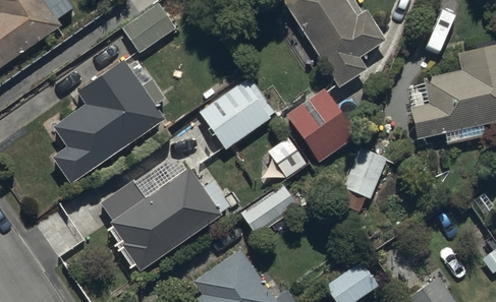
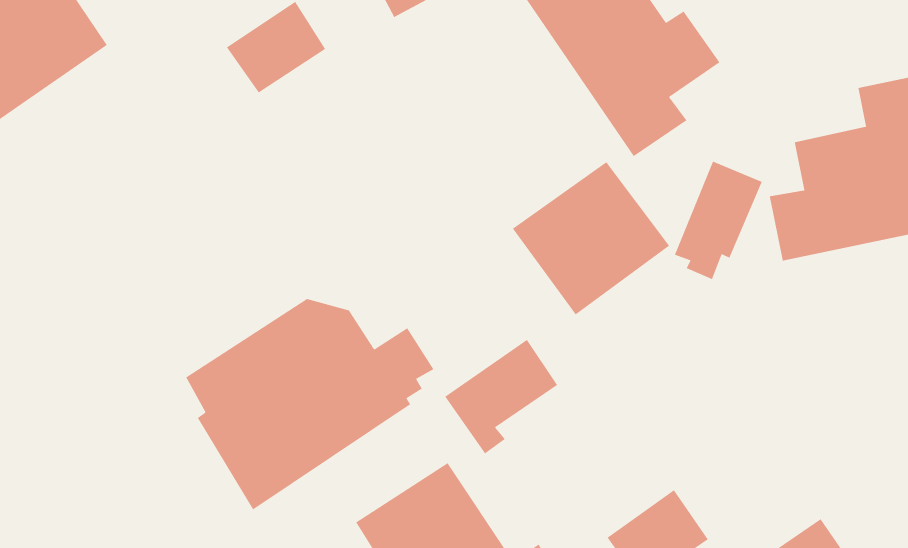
building: [52,58,167,185] -> none
building: [199,76,274,148] -> none
building: [339,148,386,212] -> [674,160,763,280]

